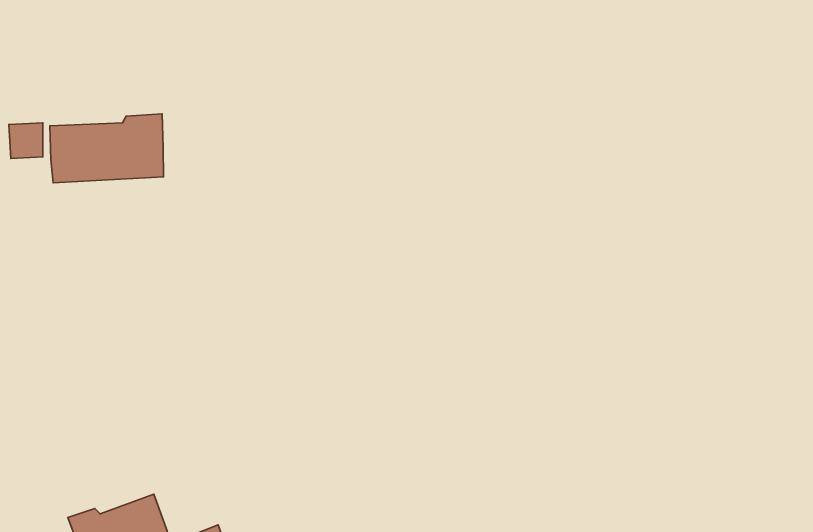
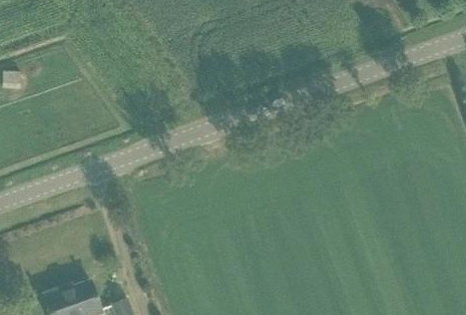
building: [50,114,164,183] -> none

